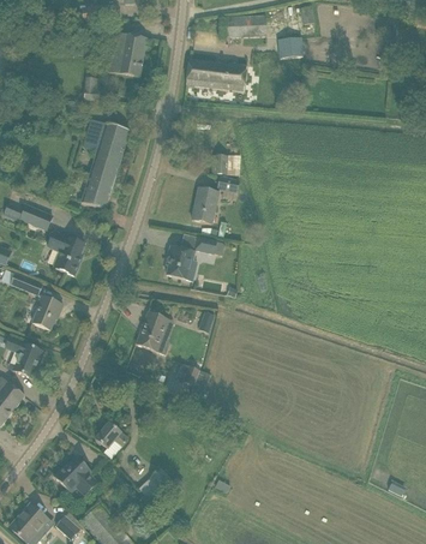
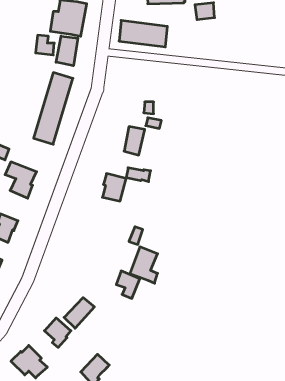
building: none -> [56,36,78,66]
building: [136,310,169,354] -> [130,247,158,283]
building: none -> [64,298,94,328]

